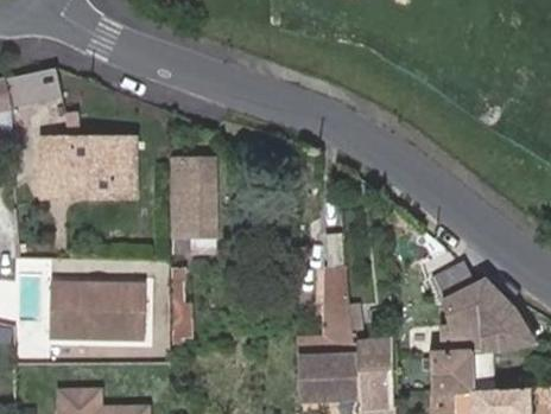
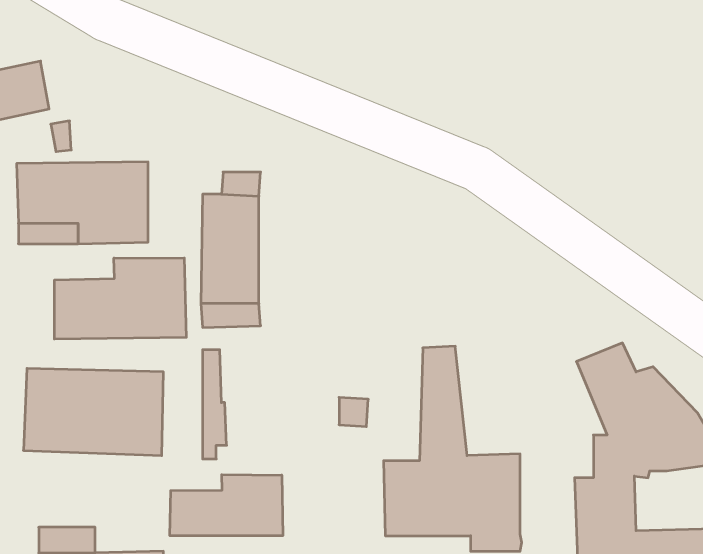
building: none -> [54,258,186,339]
building: none -> [170,475,283,536]

